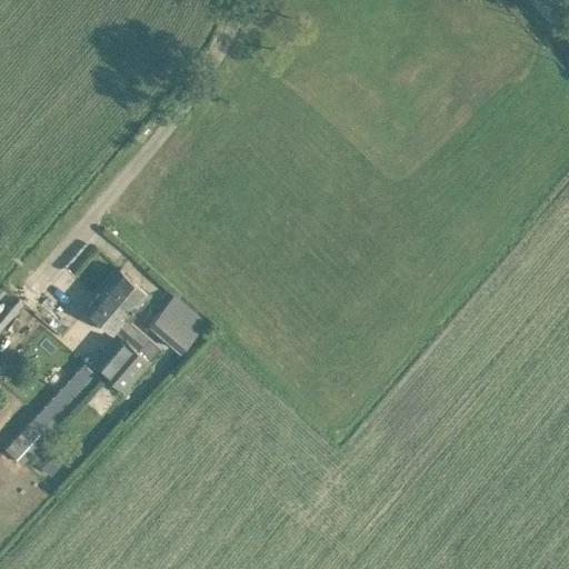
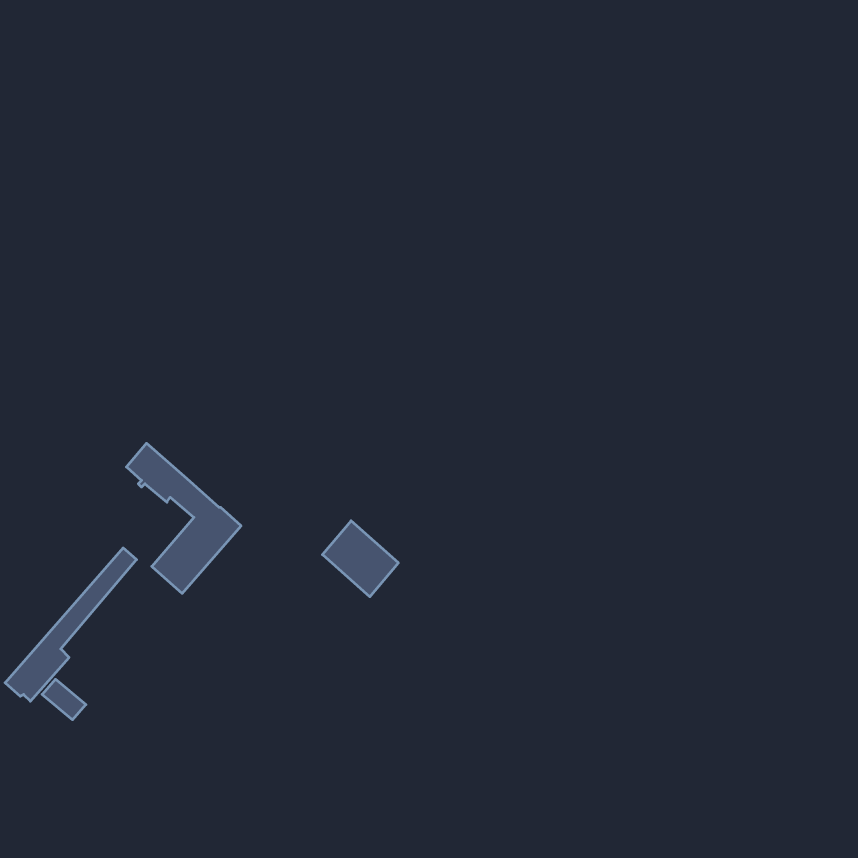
building: [97,269,144,318] -> none
building: [147,301,197,351] -> [322,521,398,597]

